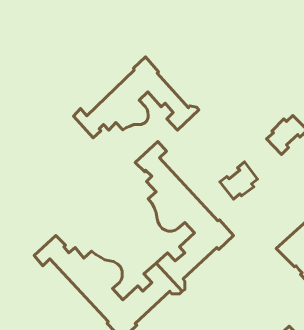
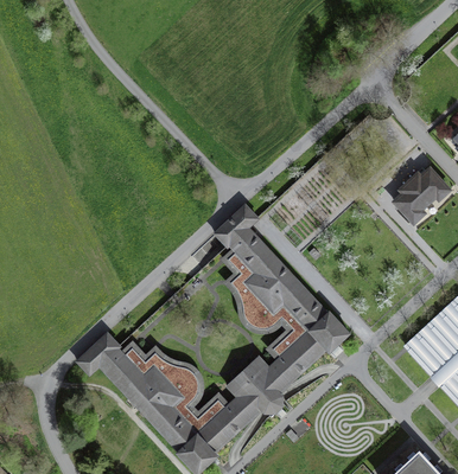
building: [74,57,199,138] -> none
building: [220,162,258,199] -> none

